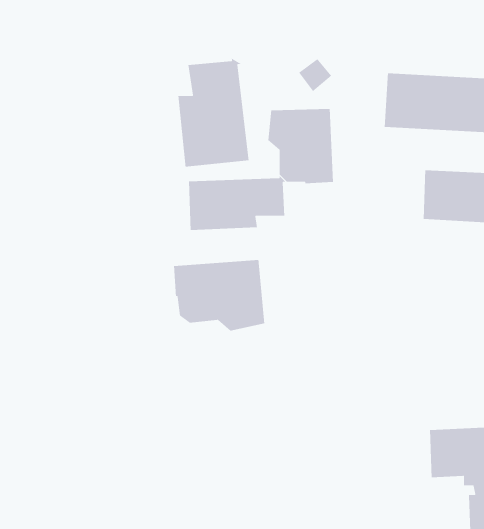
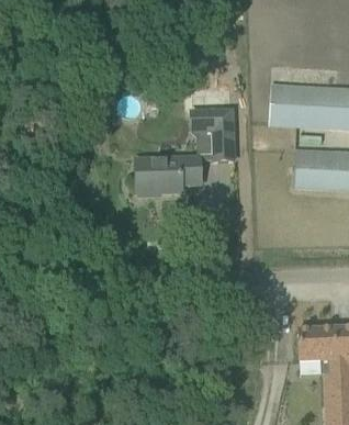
building: [177,57,249,168] -> none
building: [173,259,265,331] -> none

